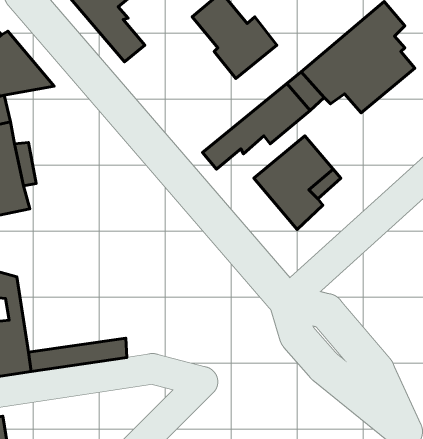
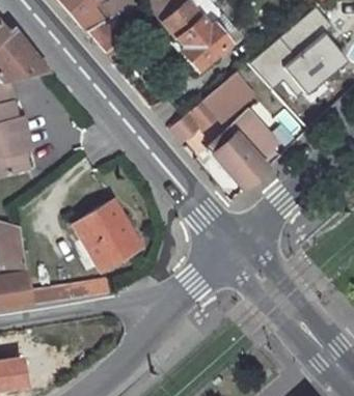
building: none -> [73,201,141,273]

